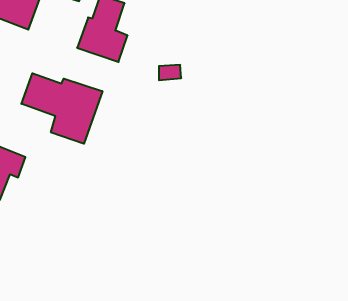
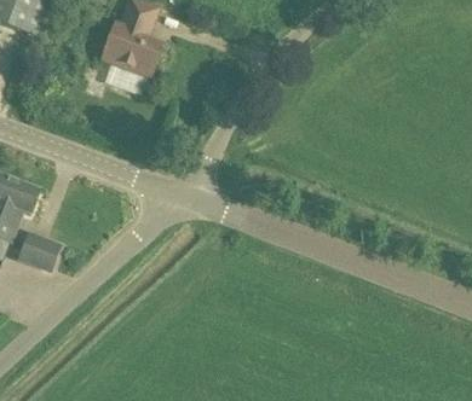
building: [21,73,102,144] -> none
building: none -> [17,232,58,268]

